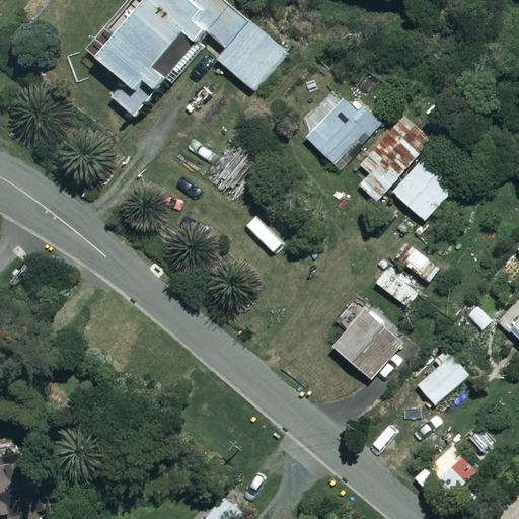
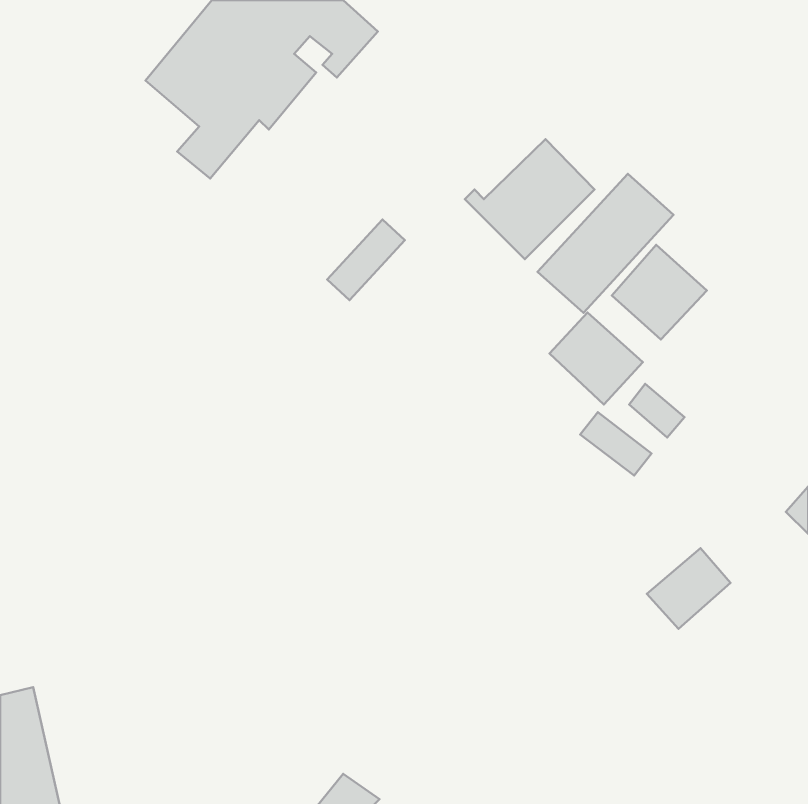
building: [217,20,287,90] -> none
building: none -> [550,312,643,405]
building: [331,309,401,379] -> none

